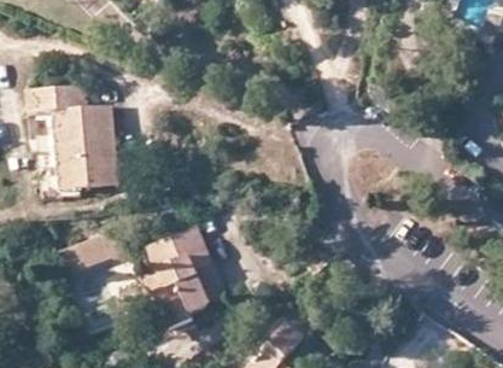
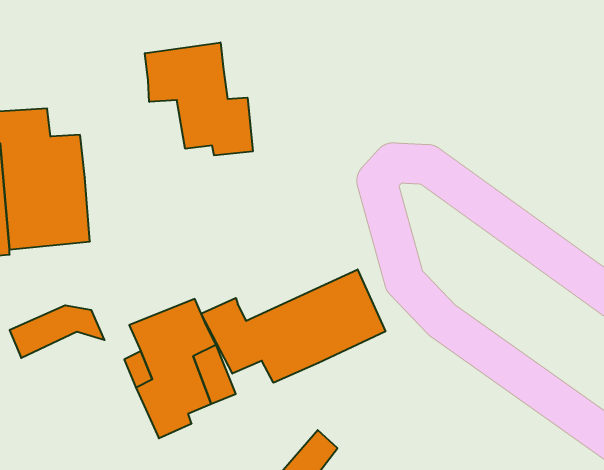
building: none -> [145,42,253,155]
building: none -> [201,269,385,383]

